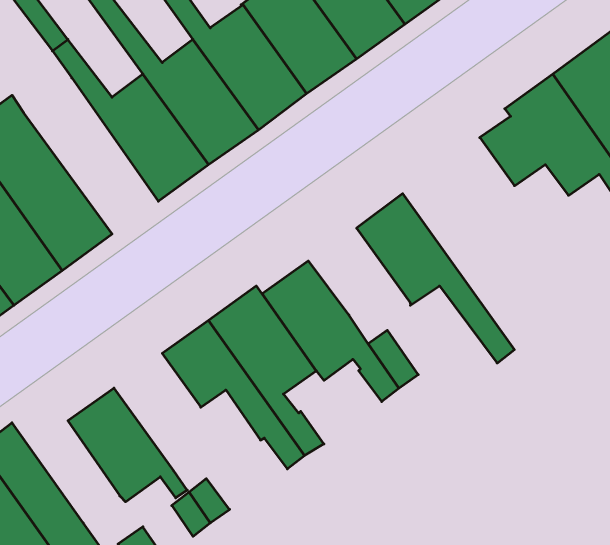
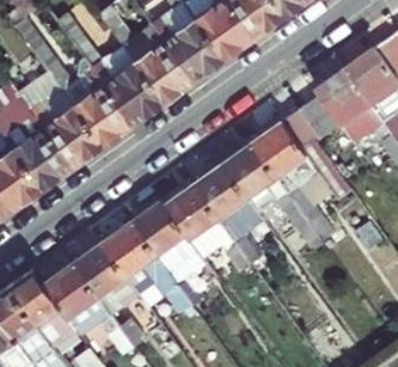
building: none -> [18,71,102,167]
building: none -> [253,108,353,239]
building: none -> [195,164,258,224]
building: none -> [74,241,141,314]
building: none -> [11,269,78,347]

